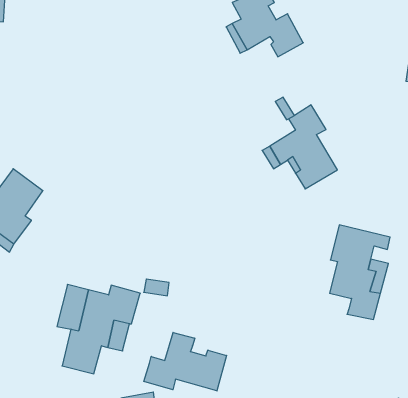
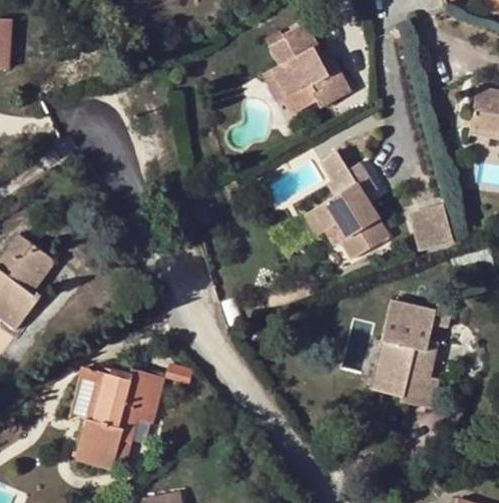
building: none -> [409,200,458,250]
building: none -> [369,340,406,396]
building: [144,332,227,391] -> none

